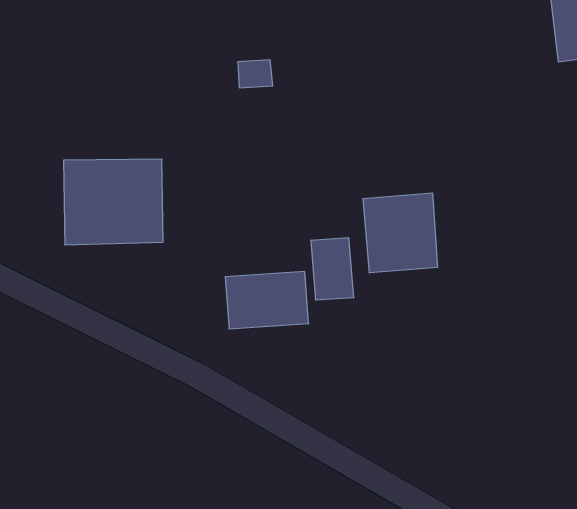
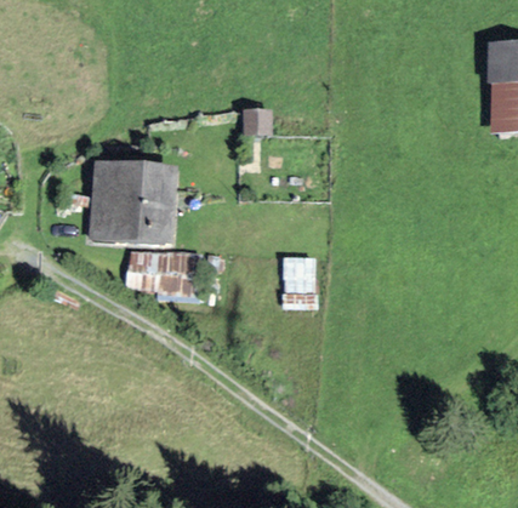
building: [363,193,437,273] -> none
building: [225,272,309,329] -> [127,245,192,289]

